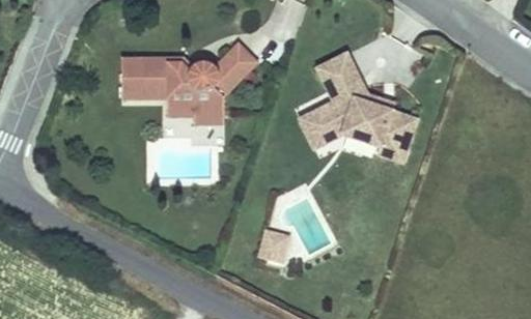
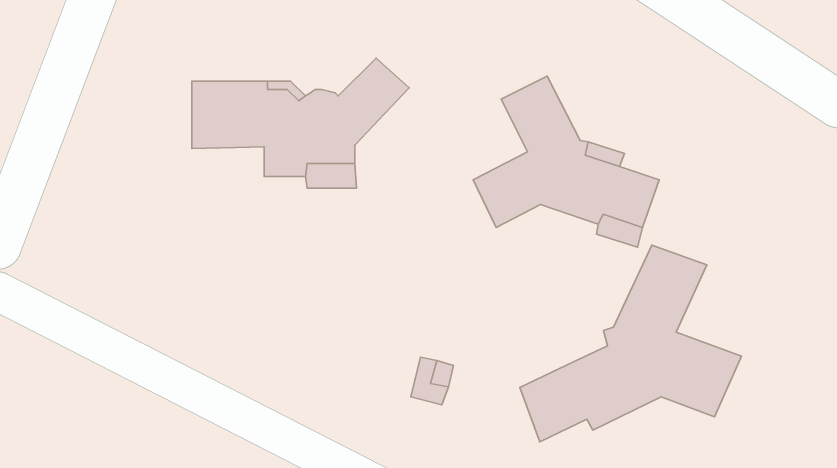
building: none -> [520,245,741,442]

